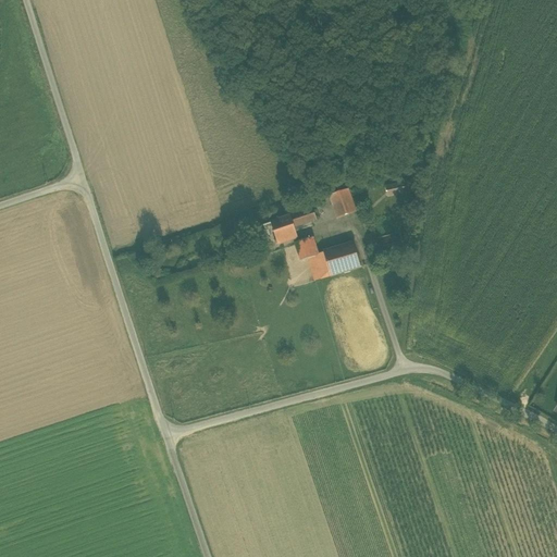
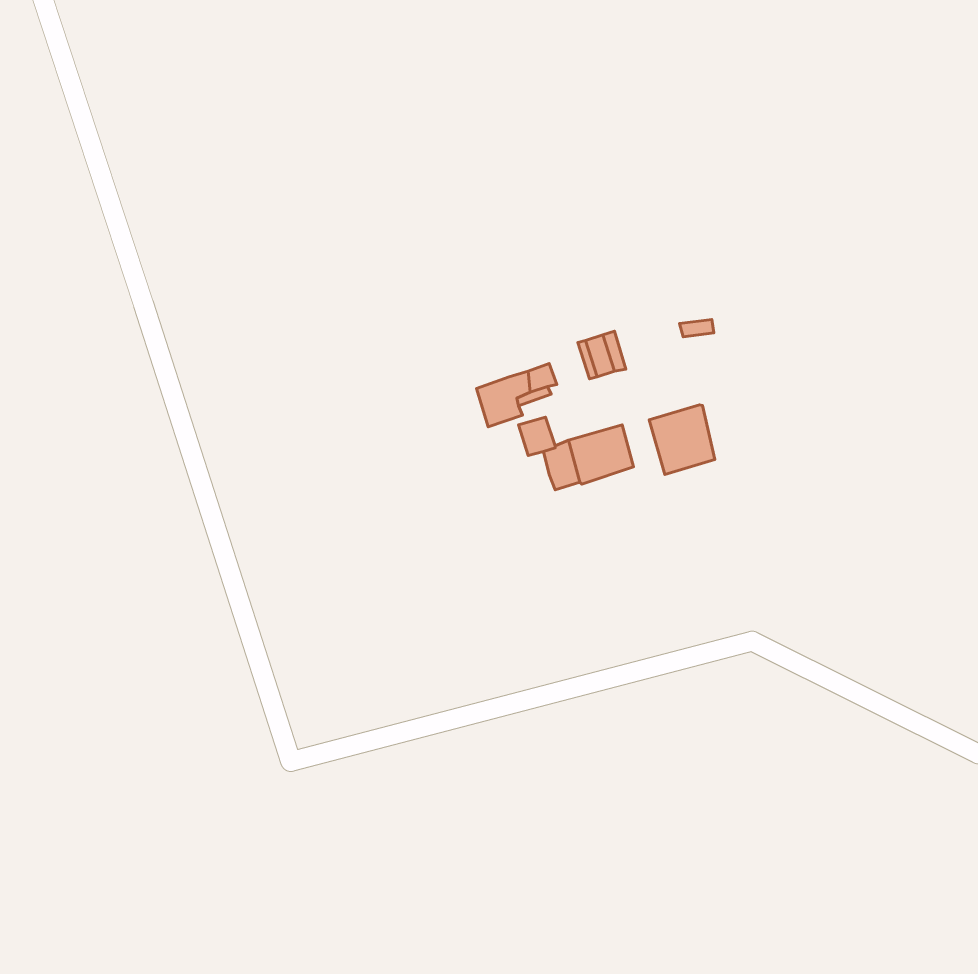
building: none -> [649,405,715,475]

